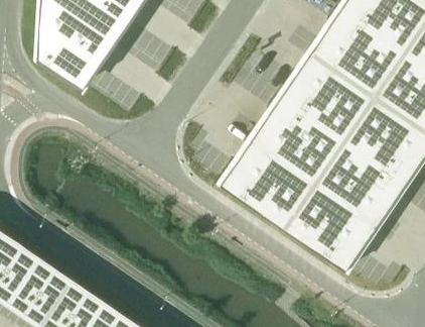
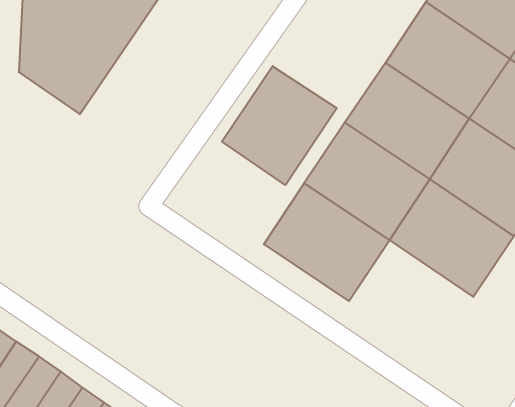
building: none -> [222,66,337,185]
building: [284,183,377,269] -> none

